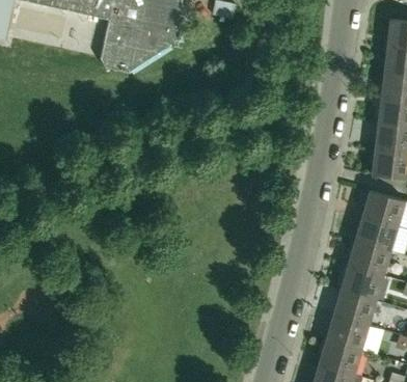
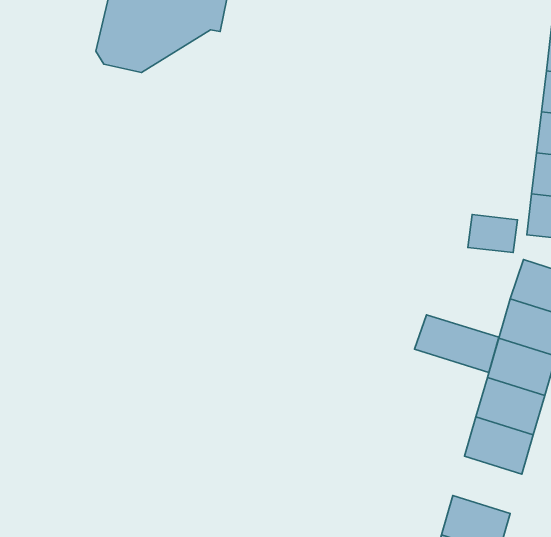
building: none -> [468,215,518,252]
building: none -> [415,315,499,373]
building: [326,315,370,351] -> none

